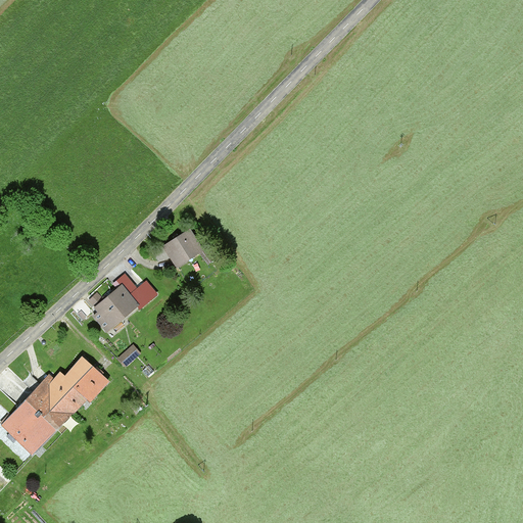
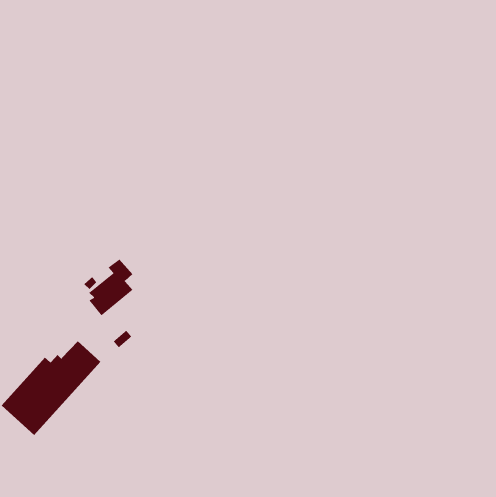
building: [162,230,203,270] -> none

